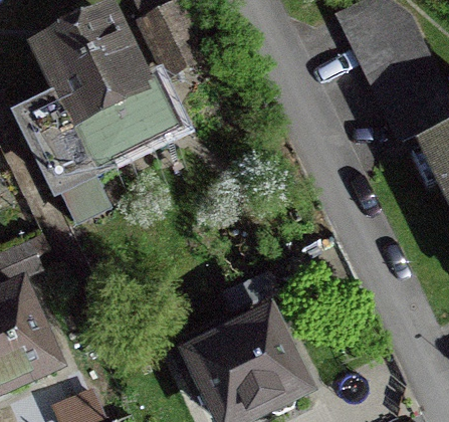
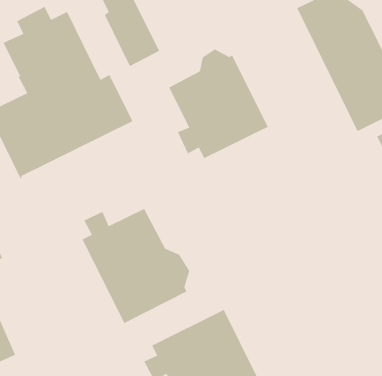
building: none -> [168,48,269,159]
building: none -> [81,208,190,324]

